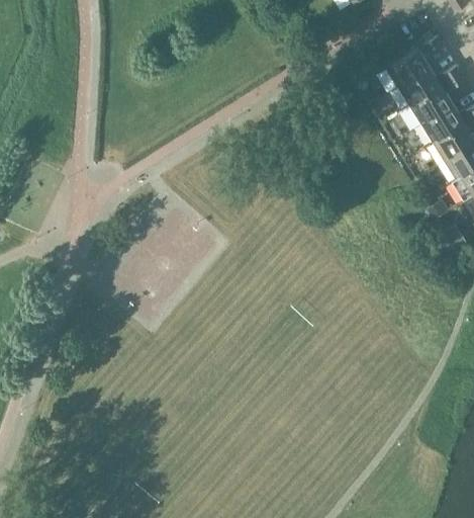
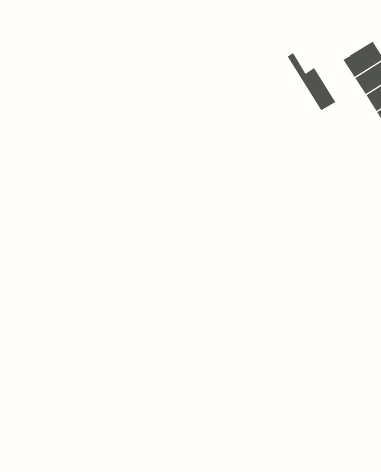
building: none -> [287,52,336,111]

